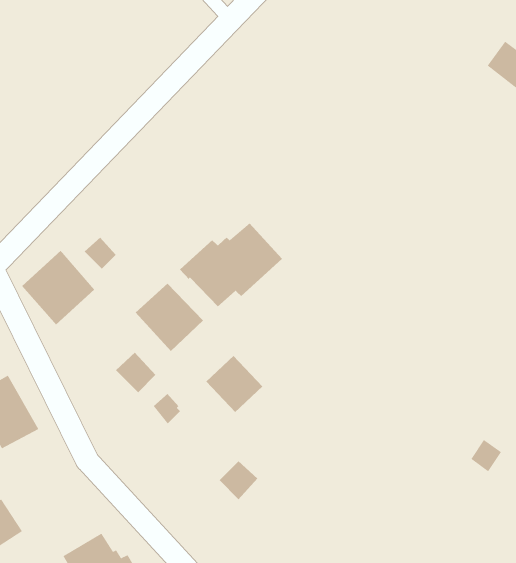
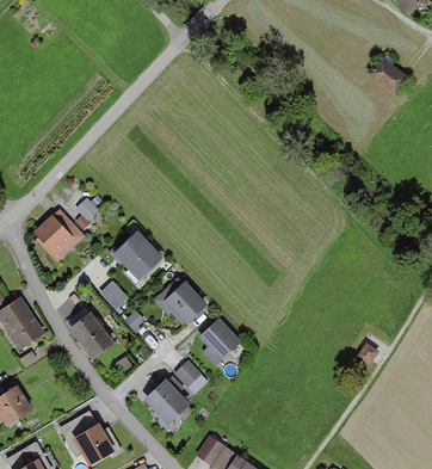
building: [179,222,283,307] -> none
building: none -> [68,314,112,359]
building: none -> [197,320,240,363]
building: none -> [143,381,189,426]

